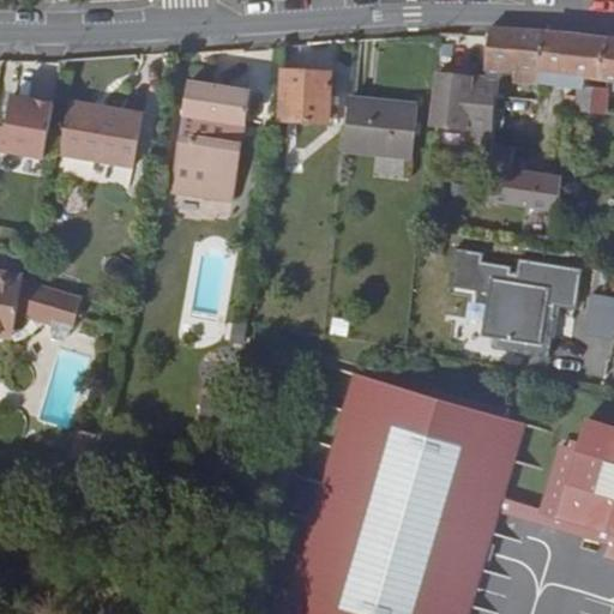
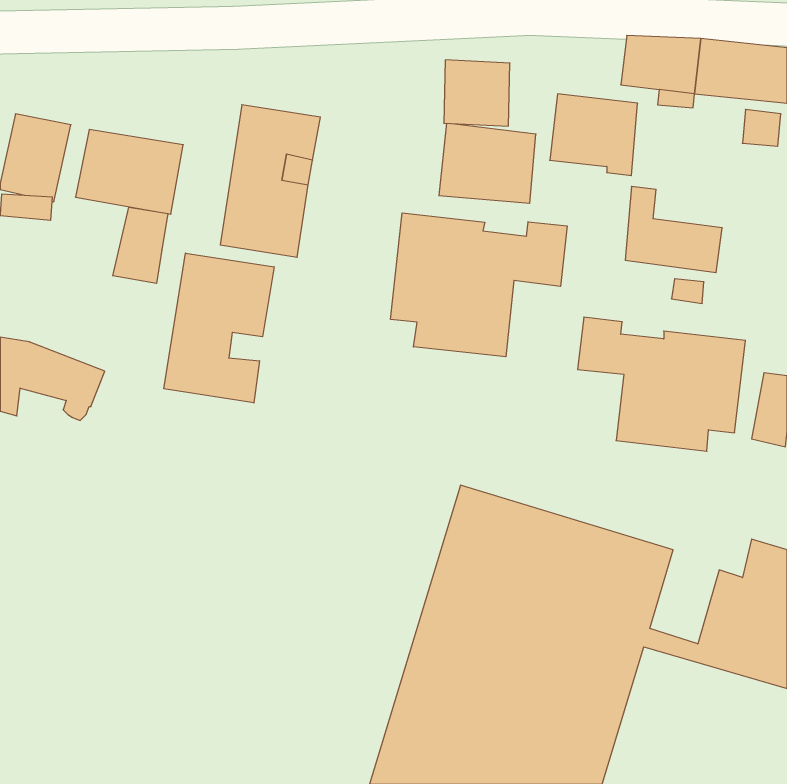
building: [278,70,330,121] -> [444,60,510,126]
building: none -> [113,207,168,283]
building: none -> [391,213,567,357]
building: none -> [164,253,274,403]

